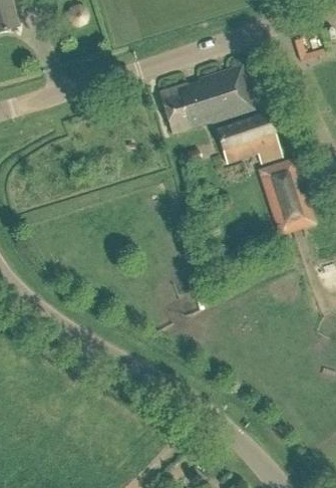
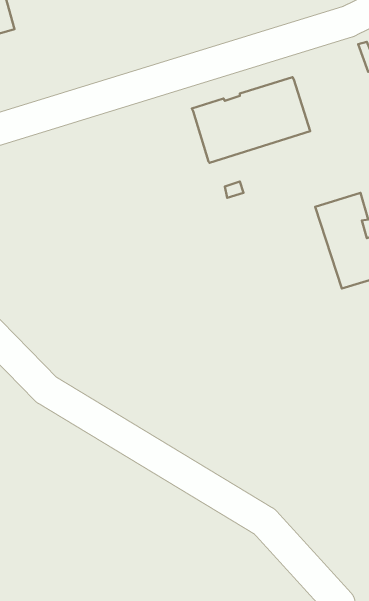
building: [217,110,283,163] -> none

